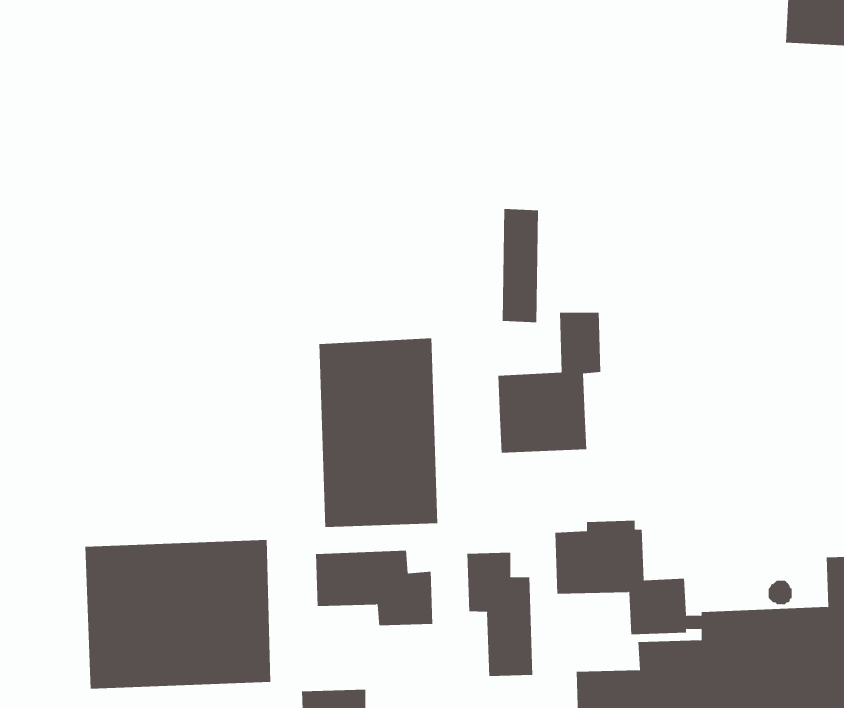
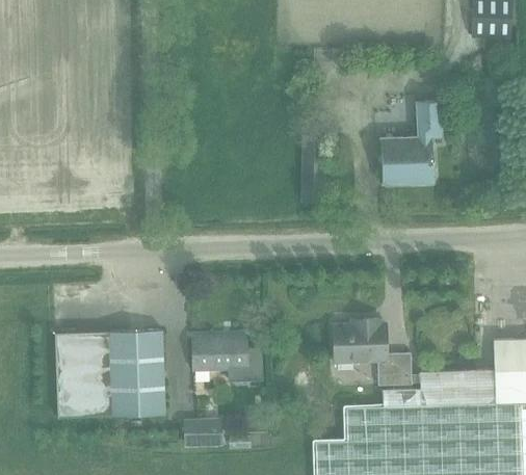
building: [497,312,601,453] -> [379,102,441,185]
building: [319,338,438,528] -> none
building: [467,552,533,677] -> none

